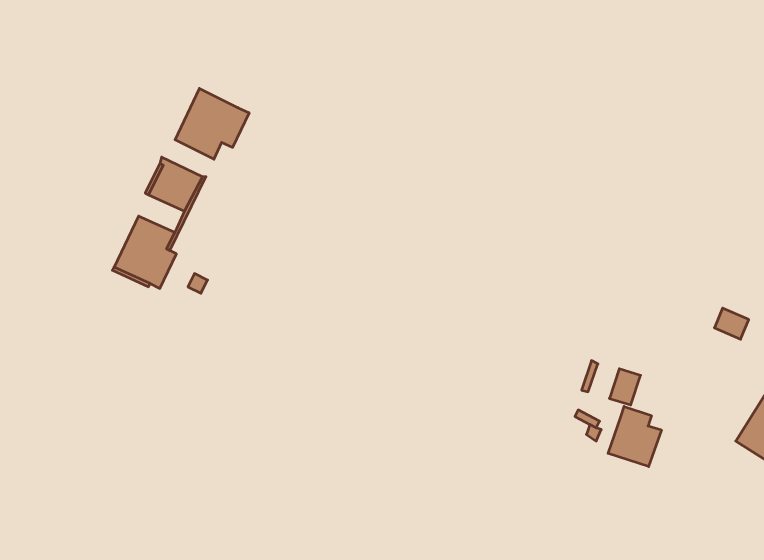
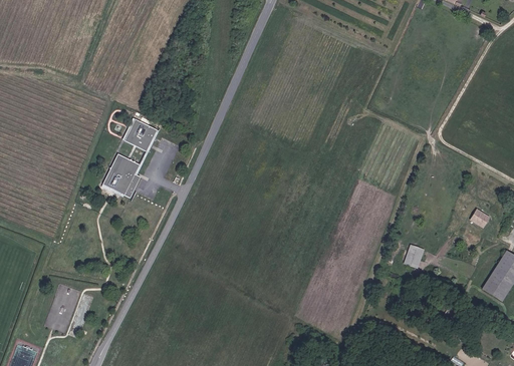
building: [175,88,249,159] -> none
building: [608,406,661,467] -> none

